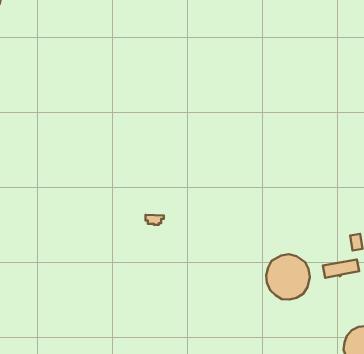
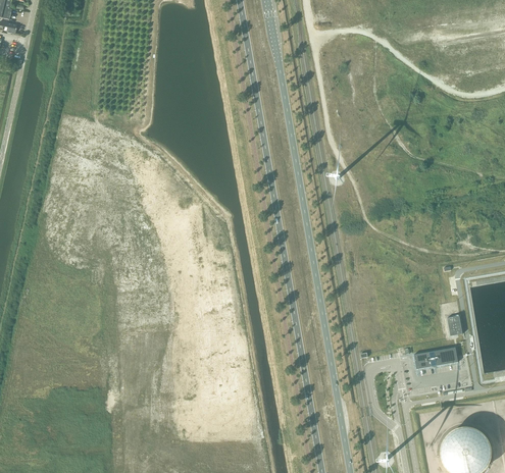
building: [266,254,310,299] -> none

